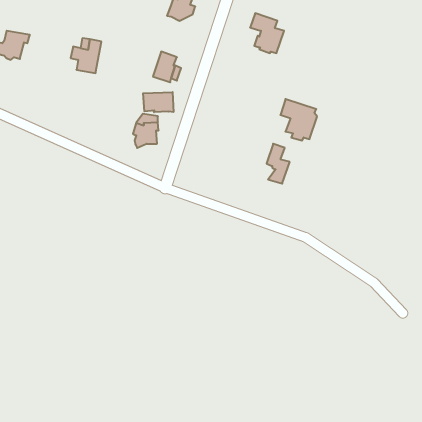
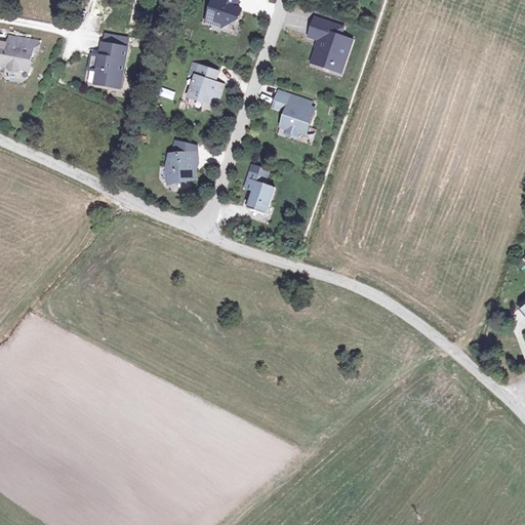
building: [143,92,173,112] -> none
building: [280,99,317,141] -> [268,86,313,137]
building: [267,144,290,184] -> [246,163,275,212]

